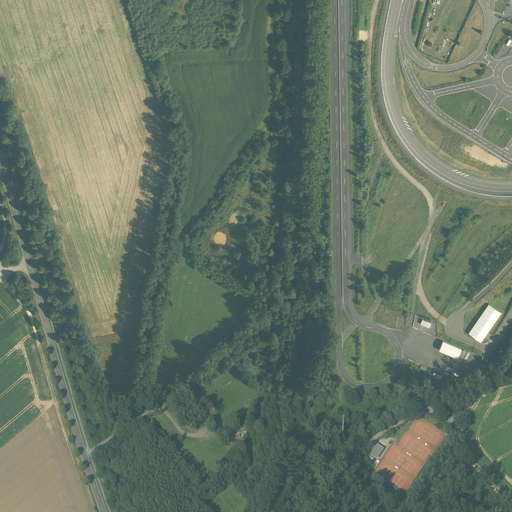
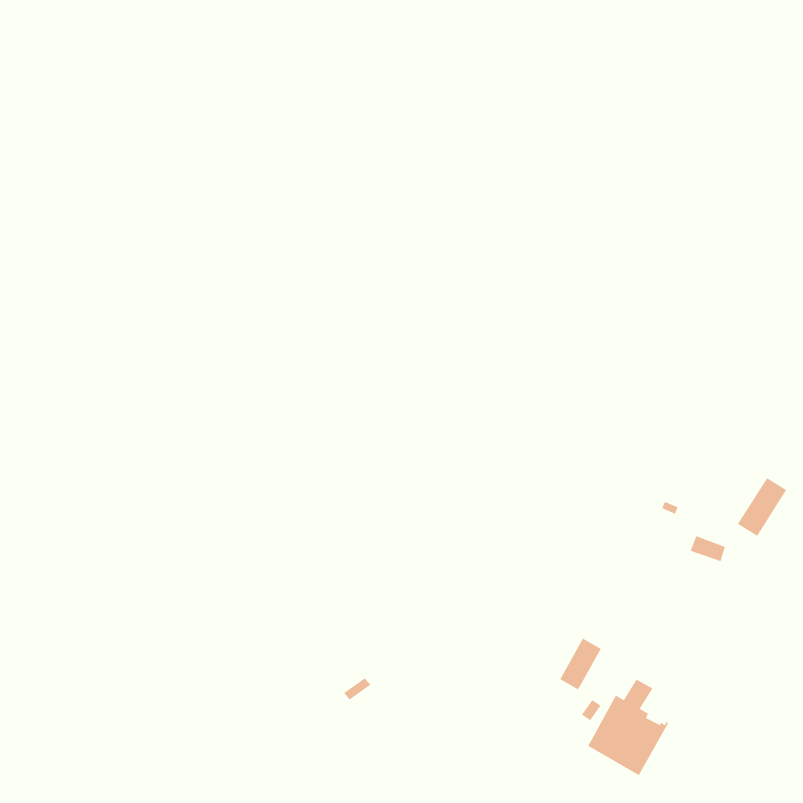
building: none -> [559,637,602,691]

